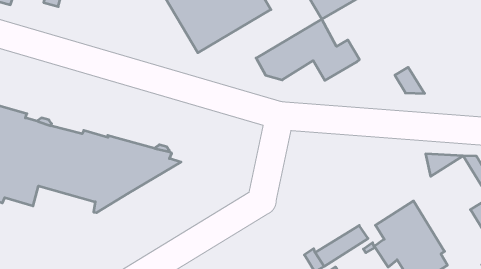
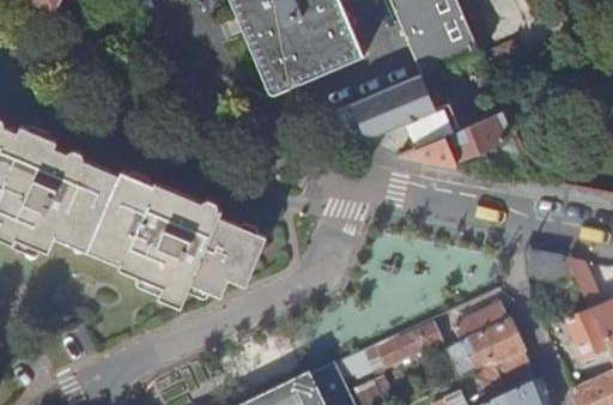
building: none -> [397,111,506,164]
building: none -> [123,222,266,306]

